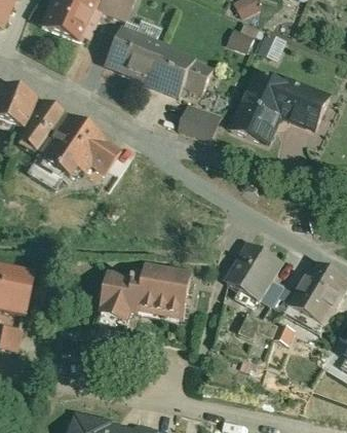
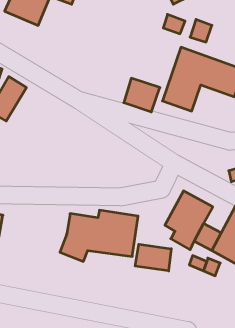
building: [102,27,215,100] -> none
building: [36,118,116,183] -> none
building: none -> [135,244,171,271]

